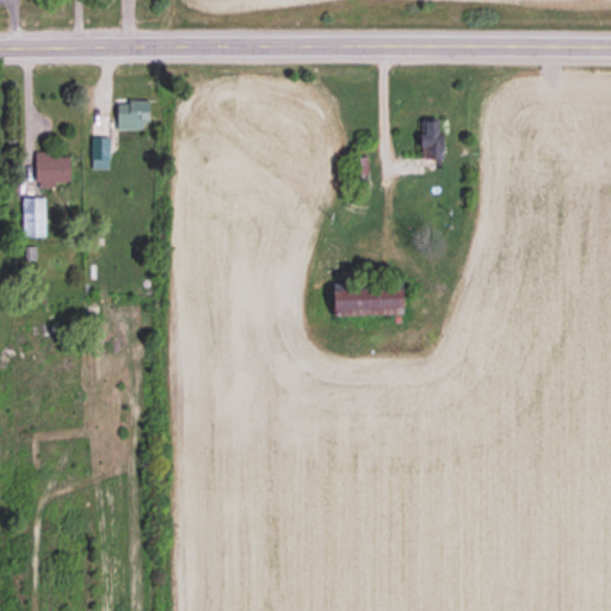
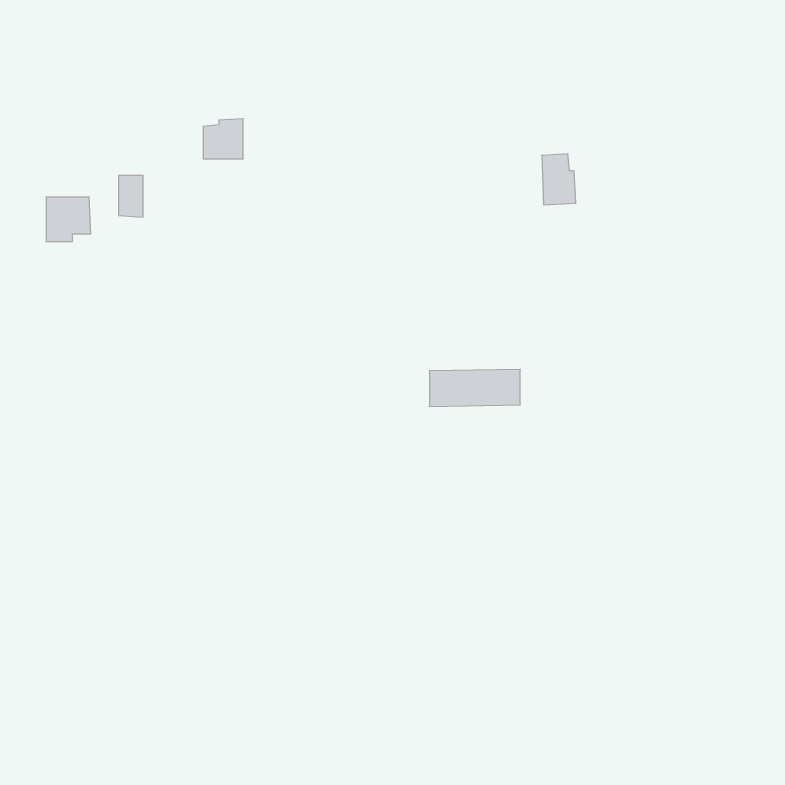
building: [118,99,149,130] -> [203,119,243,159]
building: [23,197,47,236] -> none

